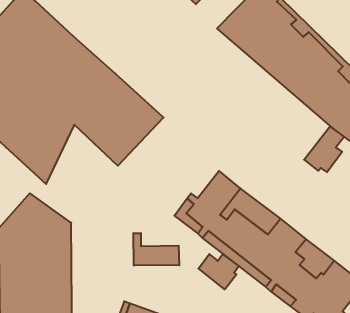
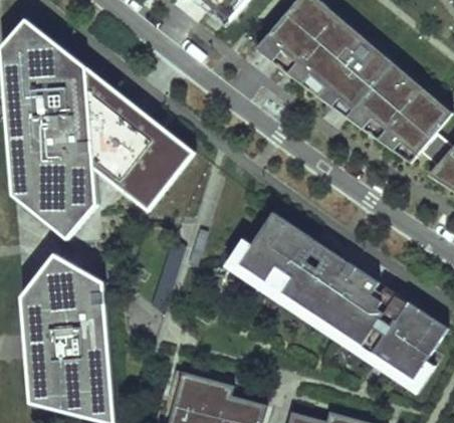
building: [304,126,344,172] -> none
building: [133,233,179,266] -> none
building: [198,254,239,289] -> none

